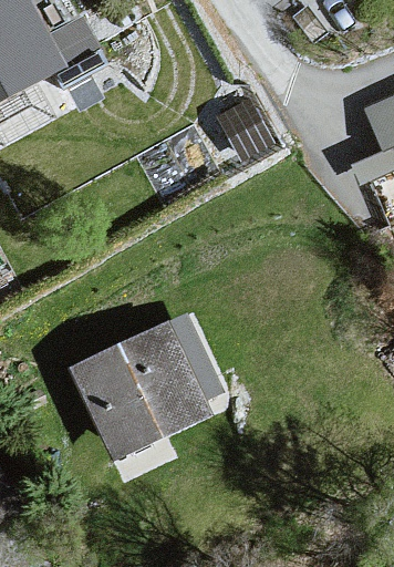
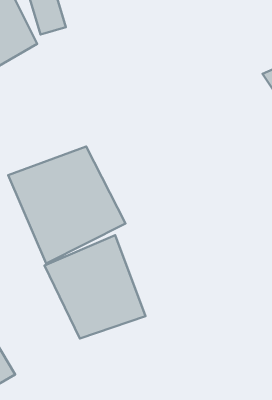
building: none -> [8,146,125,263]

